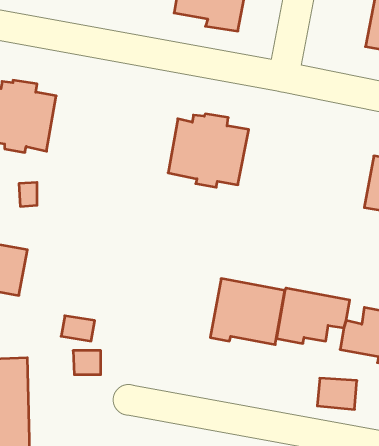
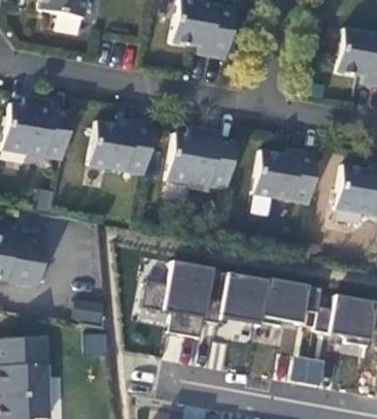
building: none -> [89,120,153,173]
building: none -> [253,149,318,203]
building: none -> [142,260,213,337]

